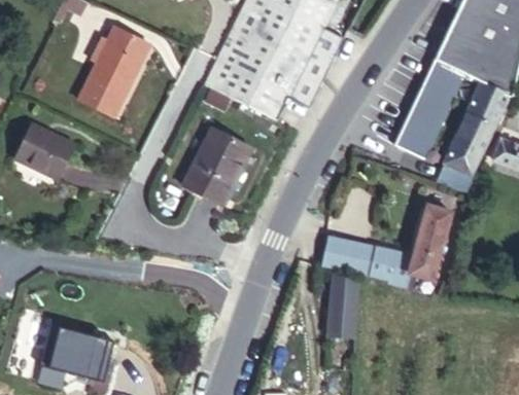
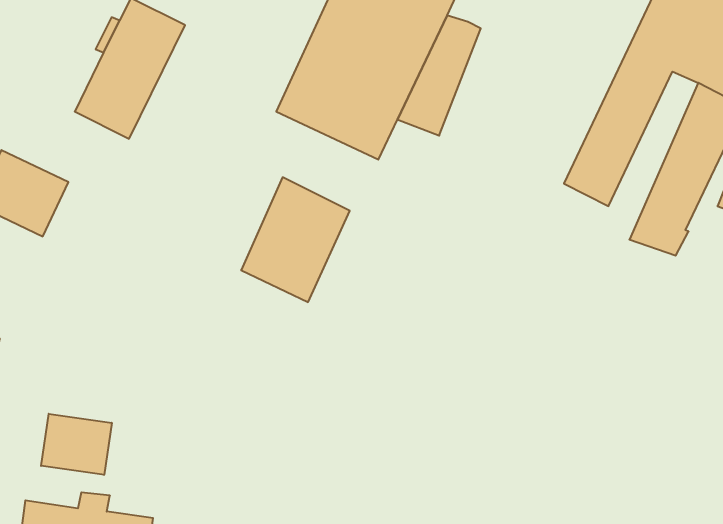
building: [322,203,450,284] -> none
building: [327,274,358,335] -> none
building: none -> [41,414,112,475]

